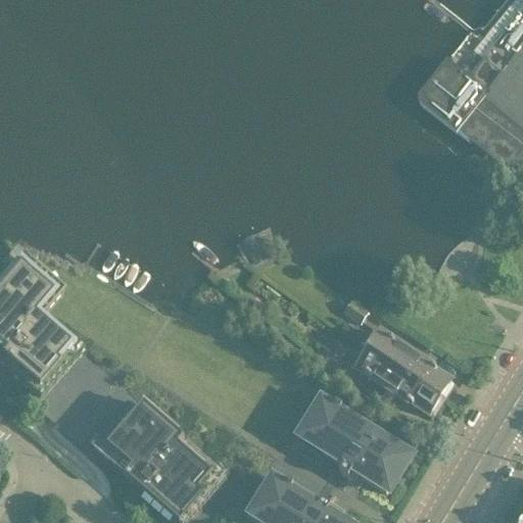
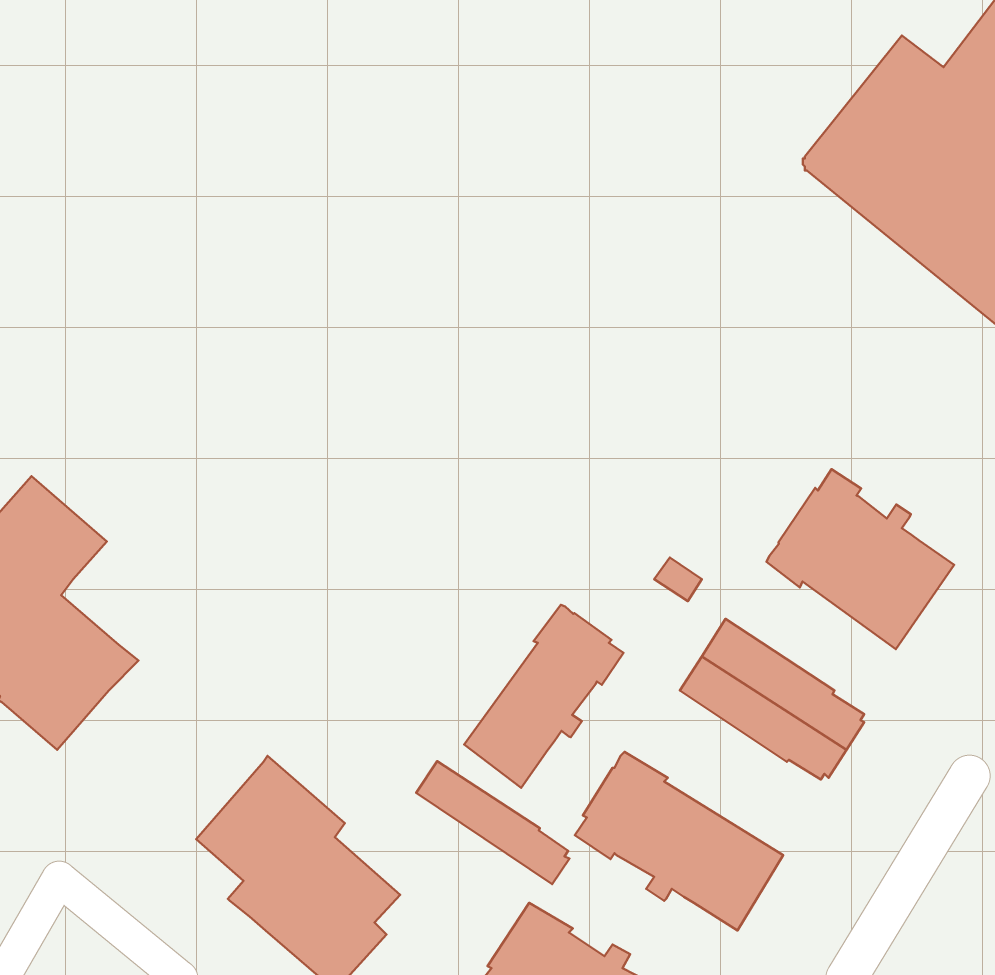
building: none -> [767,469,954,649]
building: none -> [464,605,623,788]
building: none -> [416,761,570,884]

